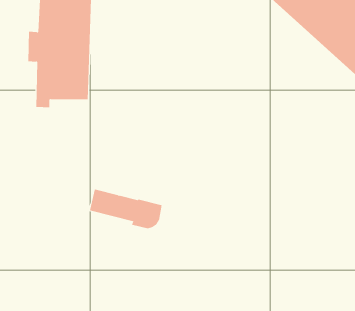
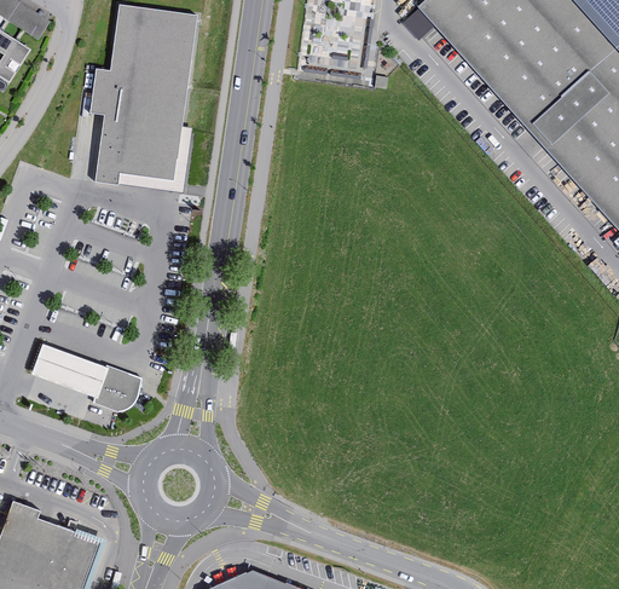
building: [89,189,162,229] -> [33,343,143,411]

